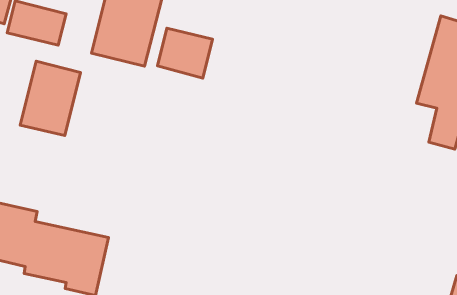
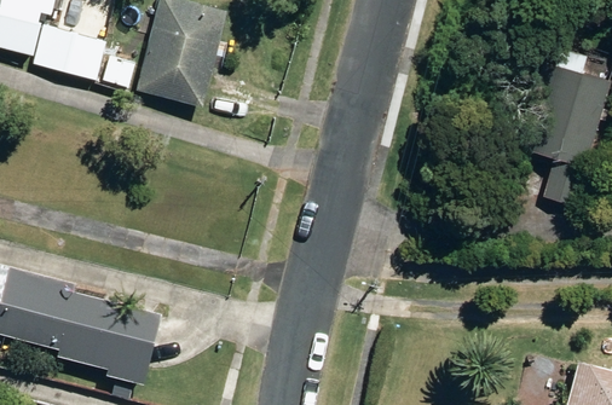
building: [158,28,213,78] -> none
building: [20,61,81,136] -> none

